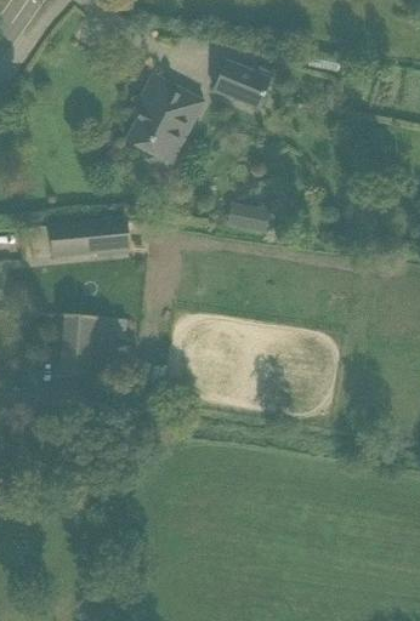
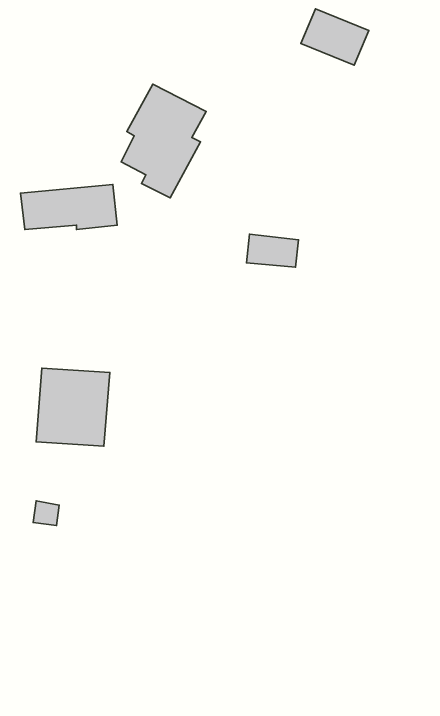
building: [212,62,269,109] -> [301,9,369,65]
building: [50,220,131,257] -> [20,185,117,229]

